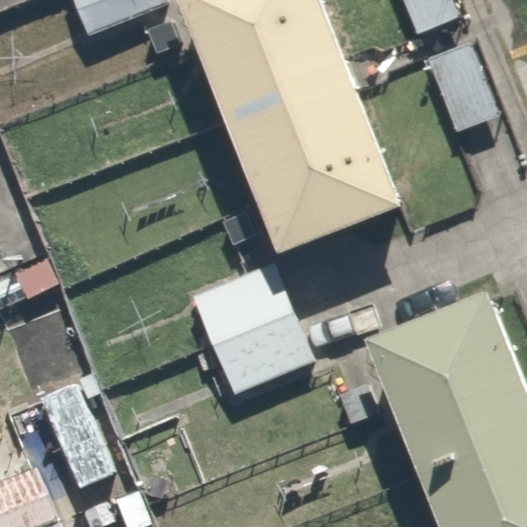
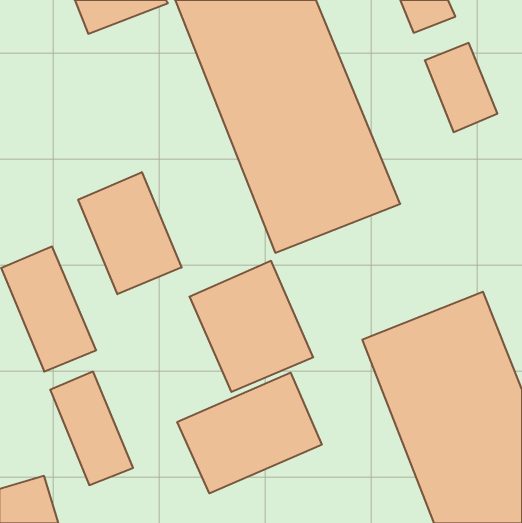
building: none -> [78,172,182,294]
building: none -> [177,373,322,493]

